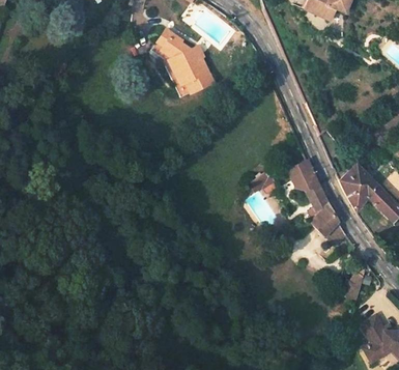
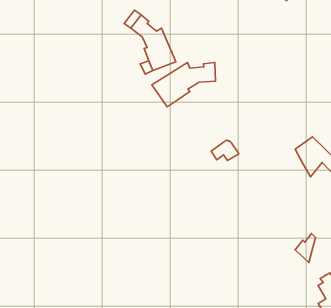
building: none -> [152,62,216,107]
building: [288,159,345,245] -> none

